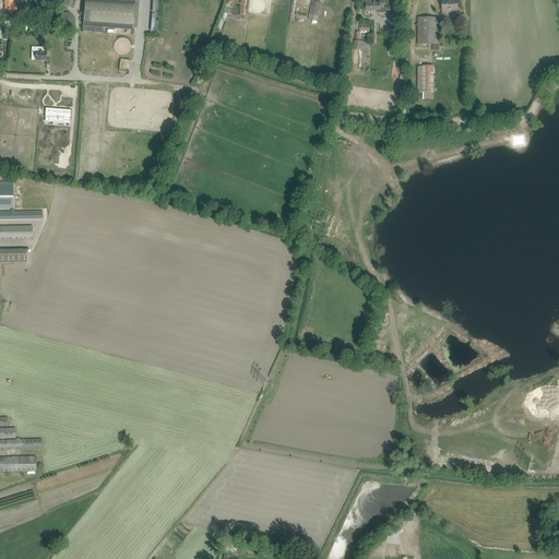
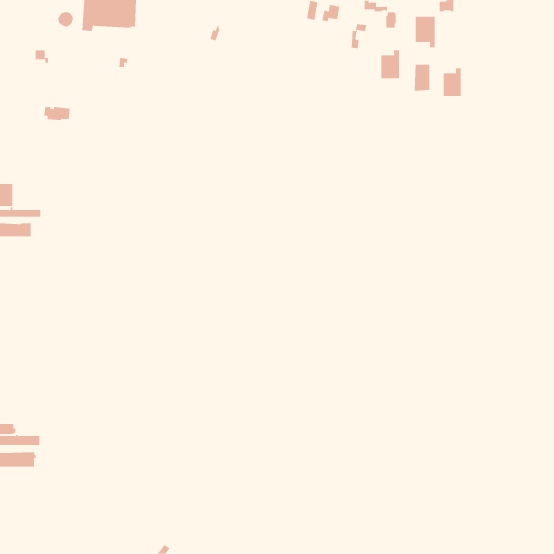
building: none -> [381,49,399,79]
building: none -> [443,68,461,97]

